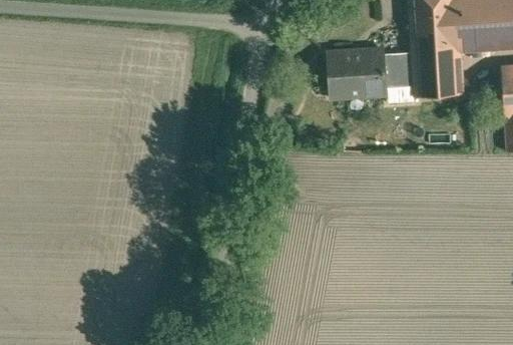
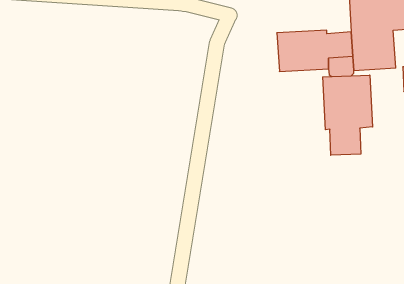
building: none -> [323,75,373,155]

